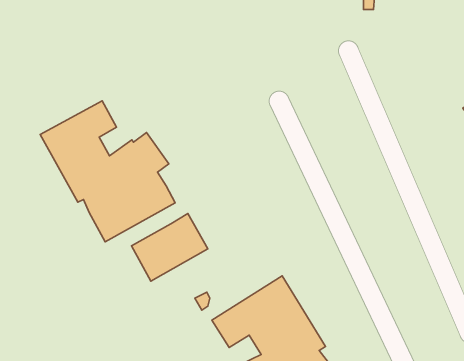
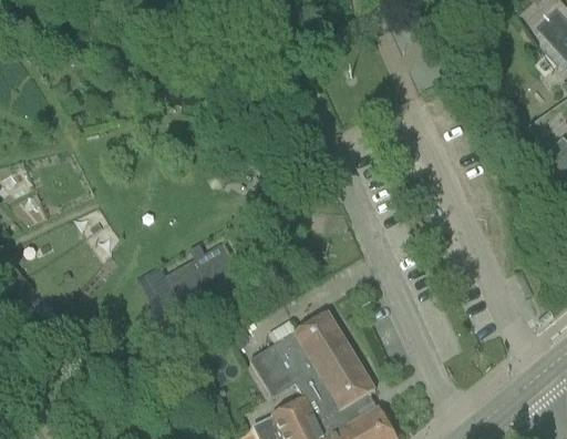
building: [40,101,175,242] -> none

